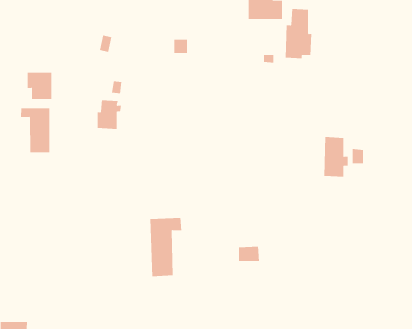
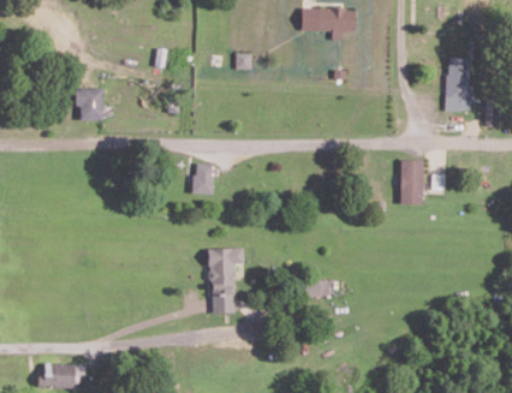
building: [285,8,312,59] -> [443,58,474,113]
building: [97,100,122,129] -> [192,162,220,195]
building: [20,107,50,153] -> none

